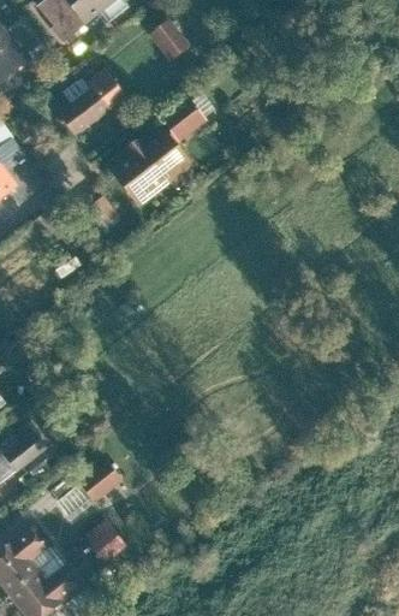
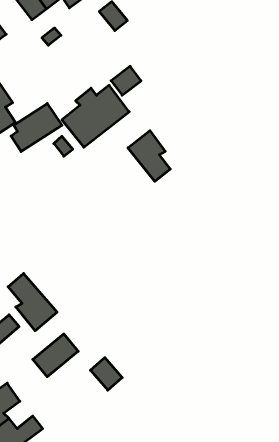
building: [62,66,130,130] -> [11,103,62,152]
building: none -> [128,131,170,181]
building: none -> [8,273,57,331]
building: [85,519,127,562] -> [90,358,122,390]

